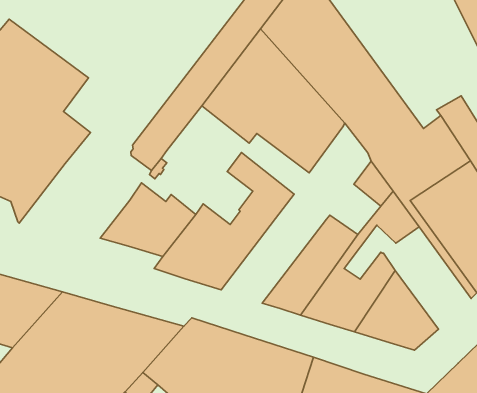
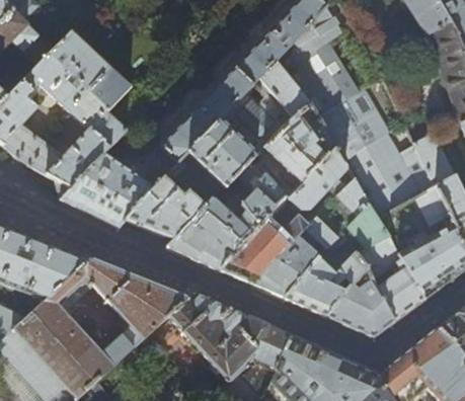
building: none -> [188,118,256,186]
building: none -> [289,148,346,209]
building: none -> [62,154,154,226]
building: none -> [221,217,313,285]
building: none -> [357,236,424,321]

